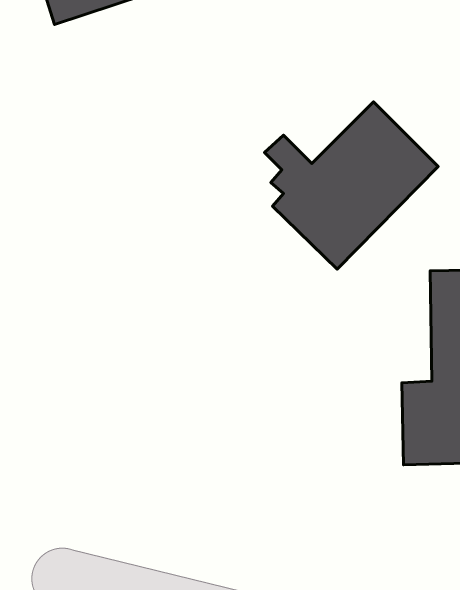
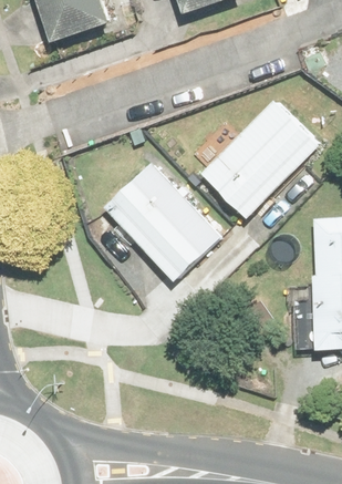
building: none -> [104,163,220,280]

